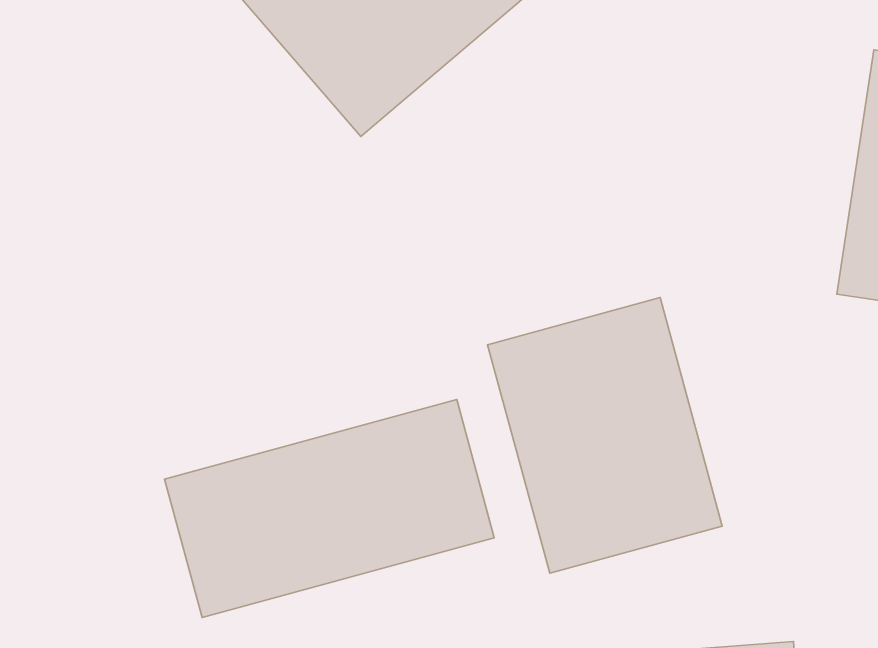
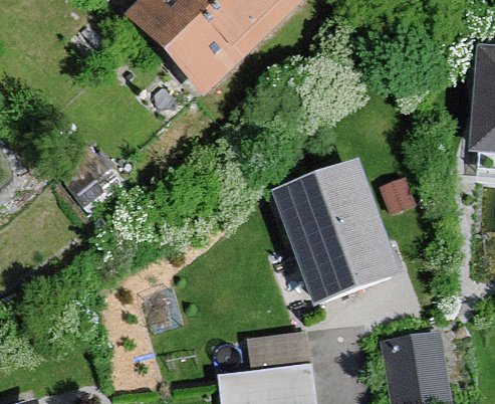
building: [165,399,494,618] -> none

